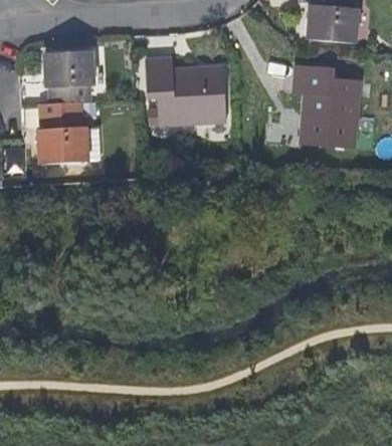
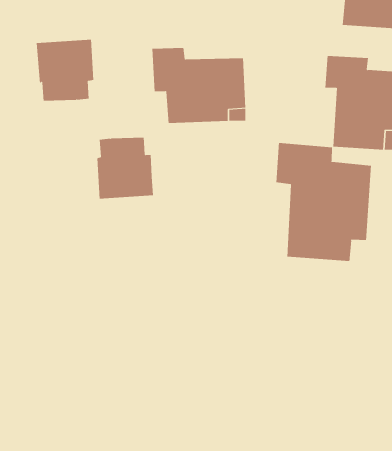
building: [39,103,88,157] -> [97,137,154,199]
building: none -> [276,142,372,262]

